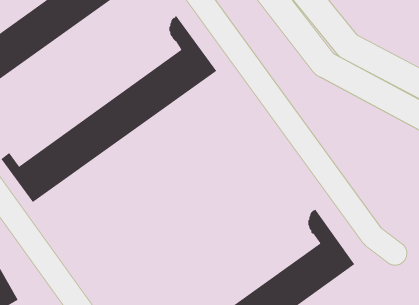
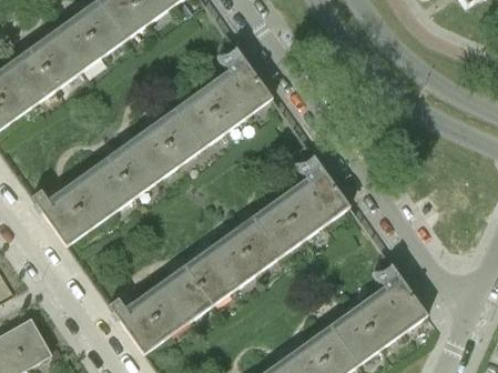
building: none -> [108,142,349,352]

